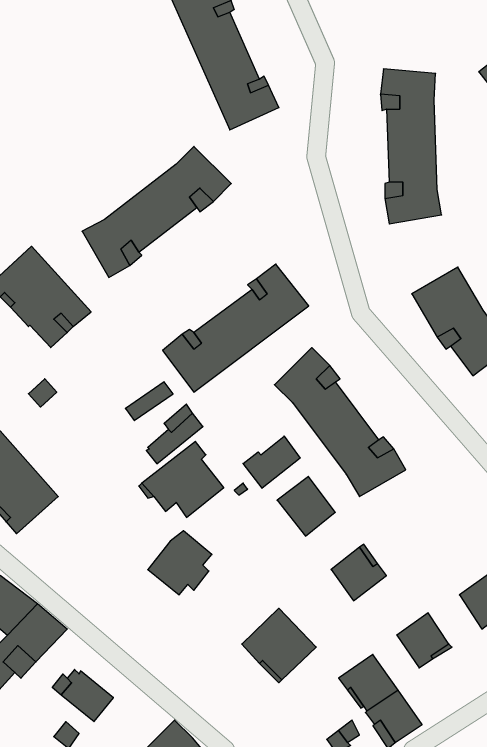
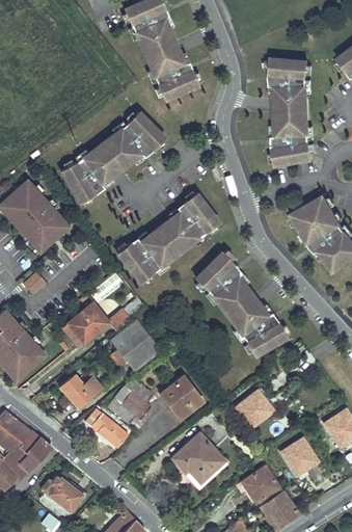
building: none -> [61,302,108,347]
building: [243,436,300,488] -> none
building: [277,476,335,536] -> [161,376,201,418]
building: none -> [59,374,102,407]
building: none -> [84,408,128,448]

